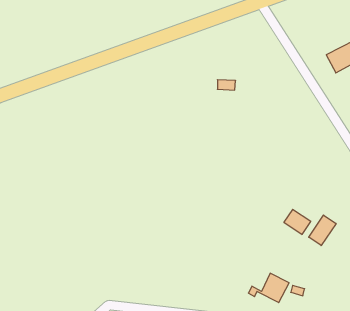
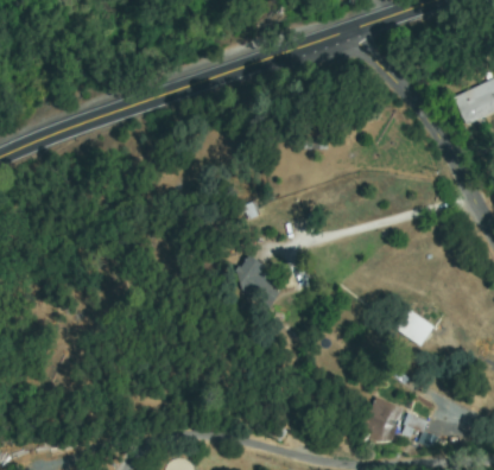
building: none -> [235,260,284,307]
building: [309,215,336,246] -> none

